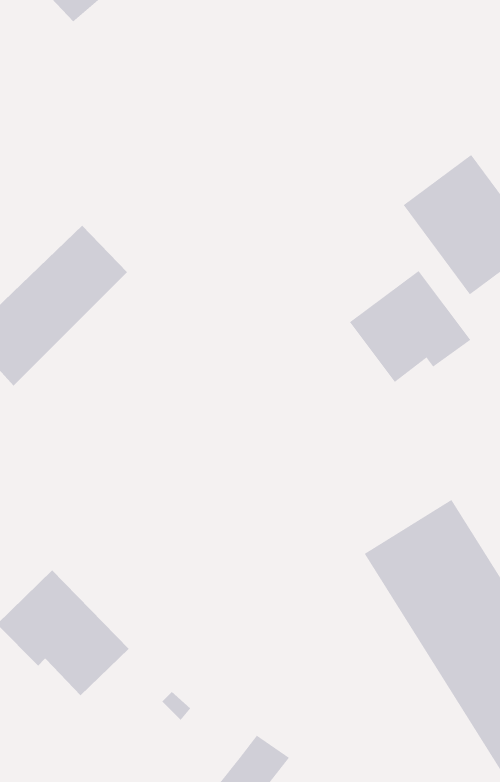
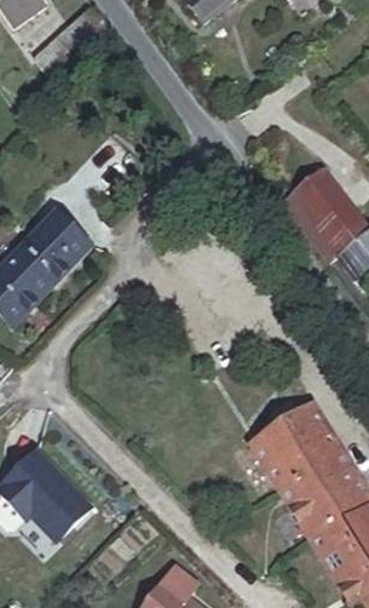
building: [349,270,471,383] -> none

